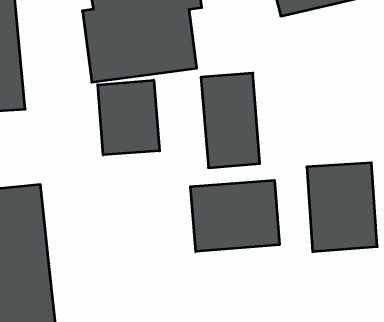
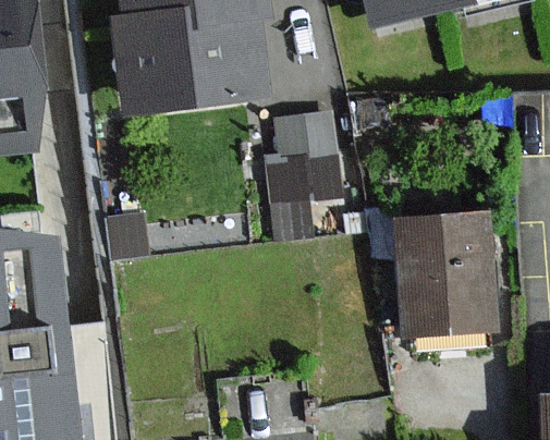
building: [98,80,160,155] -> none
building: [191,180,279,252] -> none

